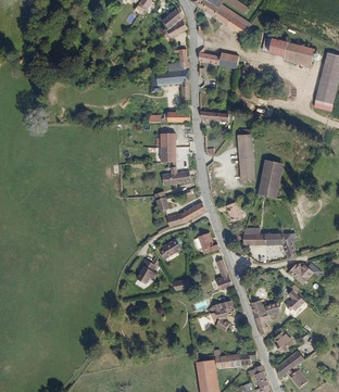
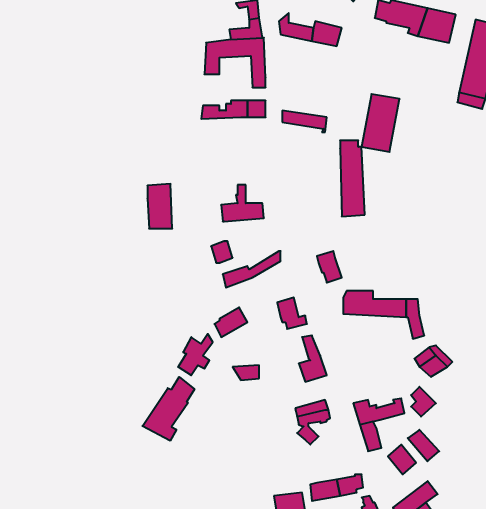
building: [160,126,176,155] -> [147,184,172,229]
building: [259,161,284,199] -> [362,94,400,152]
building: none -> [142,377,194,441]

